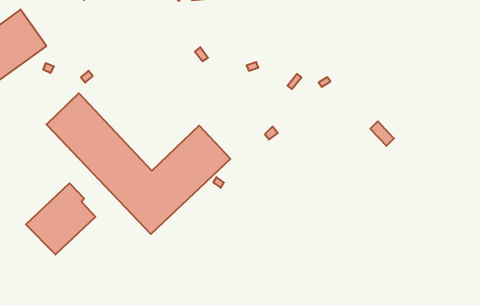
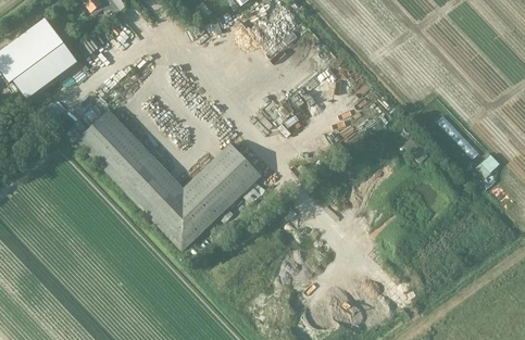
building: [26,183,95,255] -> none

